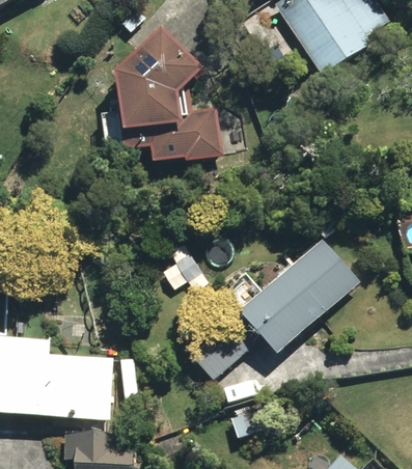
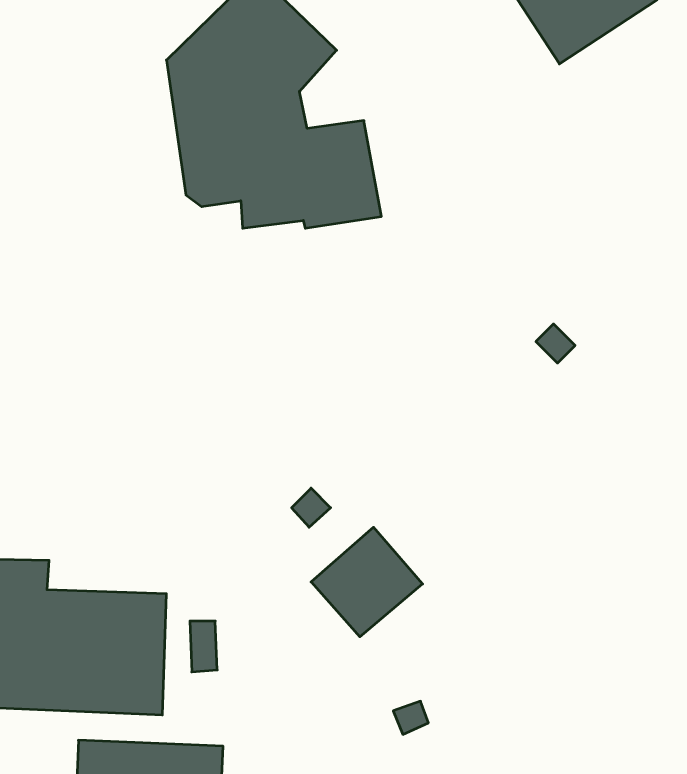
building: [239,239,360,356] -> none

